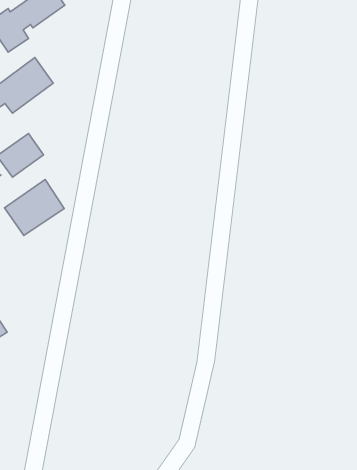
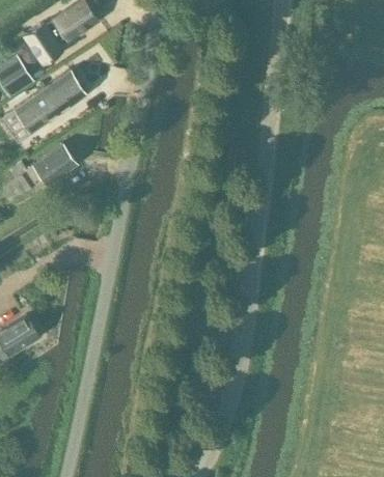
building: [5,180,64,235] -> none

